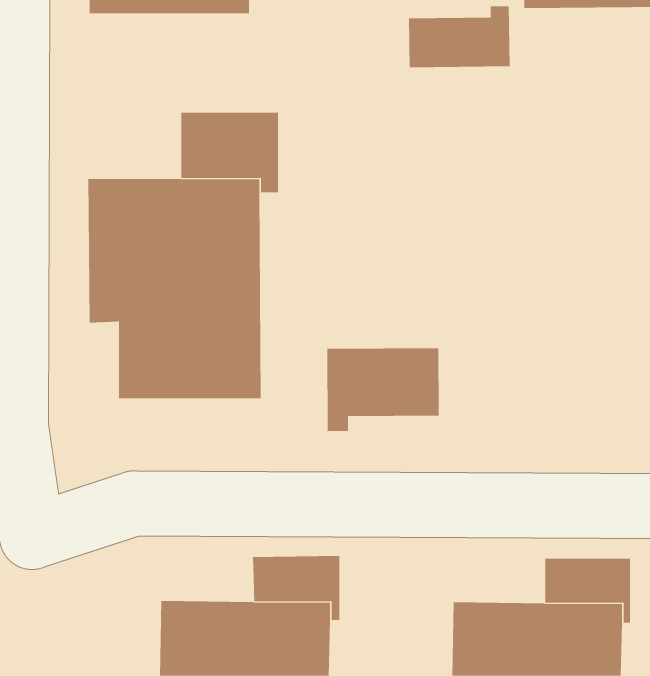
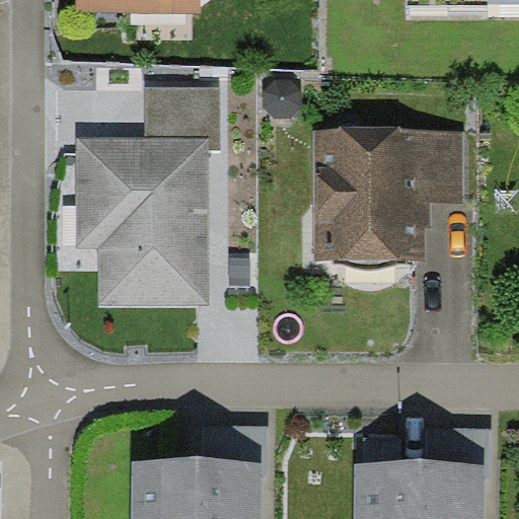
building: [408,5,510,68] -> none
building: none -> [313,132,463,271]
building: [327,347,439,432] -> none

